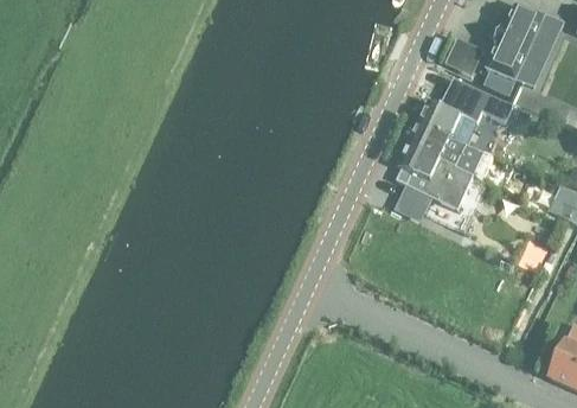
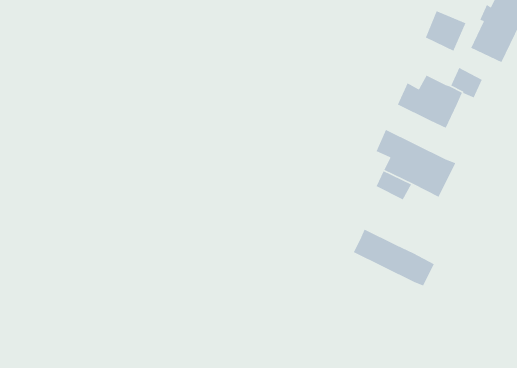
building: [410,122,487,177] -> [353,228,435,286]

